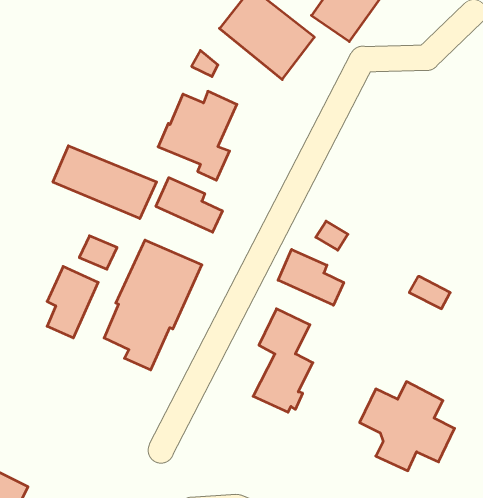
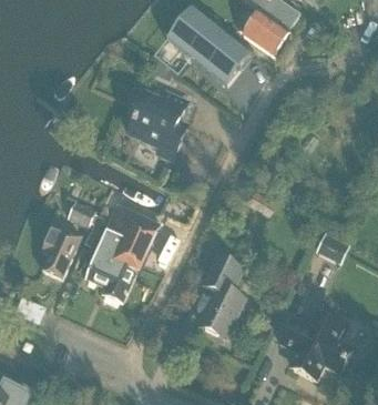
building: [53,146,157,219] -> none
building: [156,178,222,232] -> none
building: [278,249,344,305] -> none

